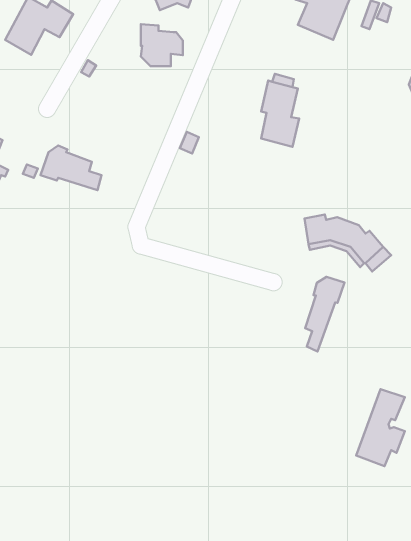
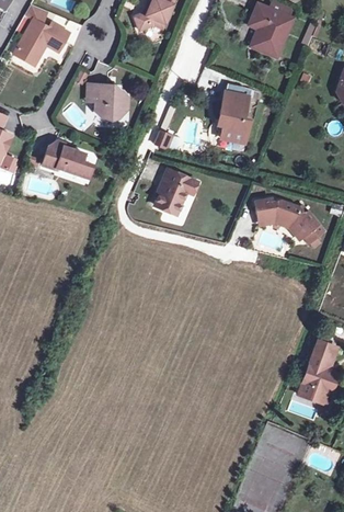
building: [141,24,183,66] -> [93,84,127,118]
building: none -> [154,168,197,213]
building: [305,277,344,351] -> none

